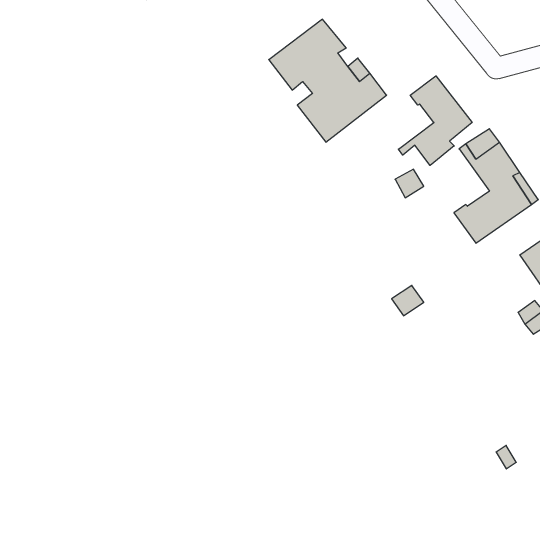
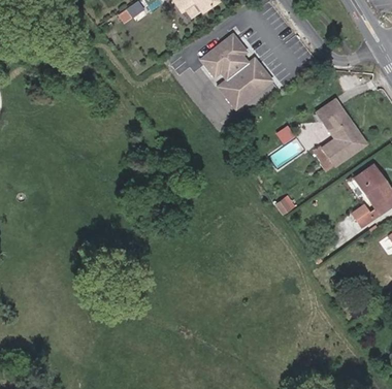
building: [398,76,472,165] -> none

